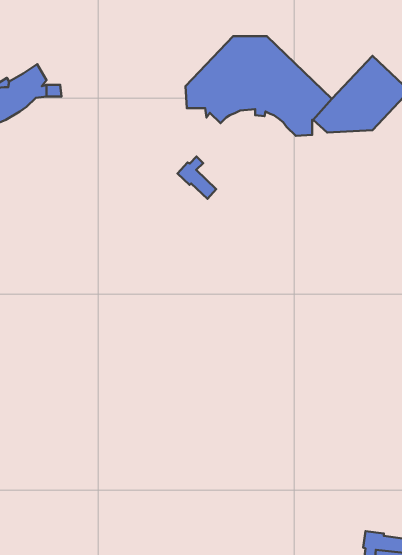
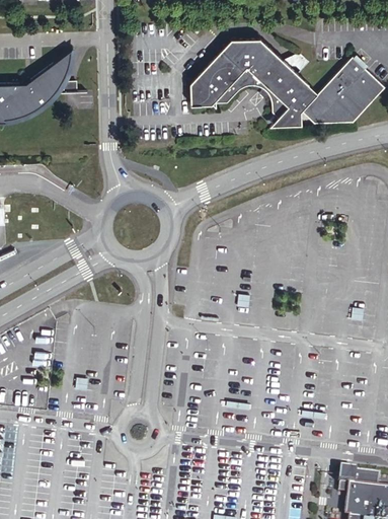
building: [178,157,216,199] -> none

